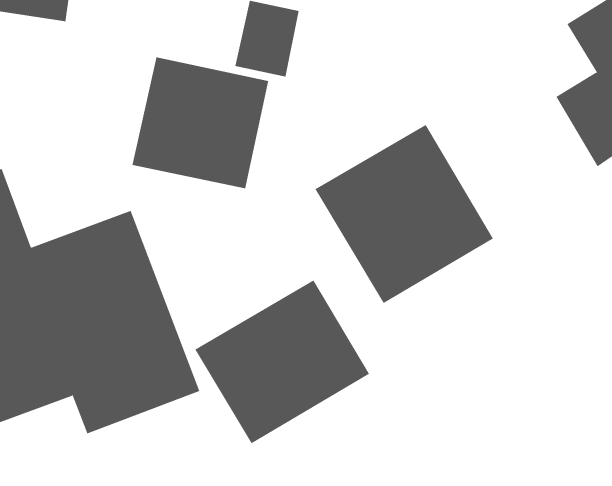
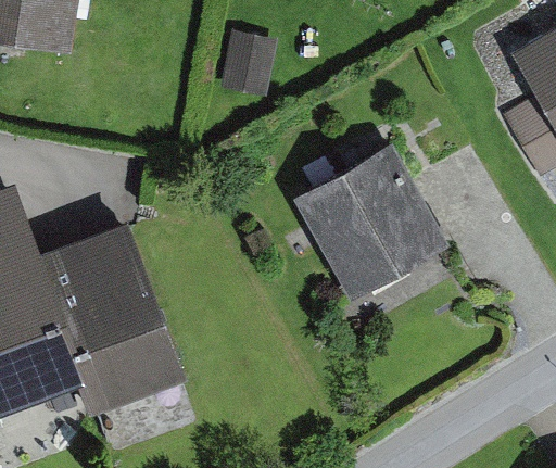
building: [132,56,269,189] -> none
building: [194,280,370,444] -> none

